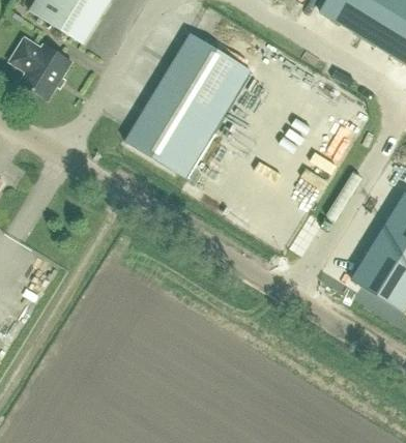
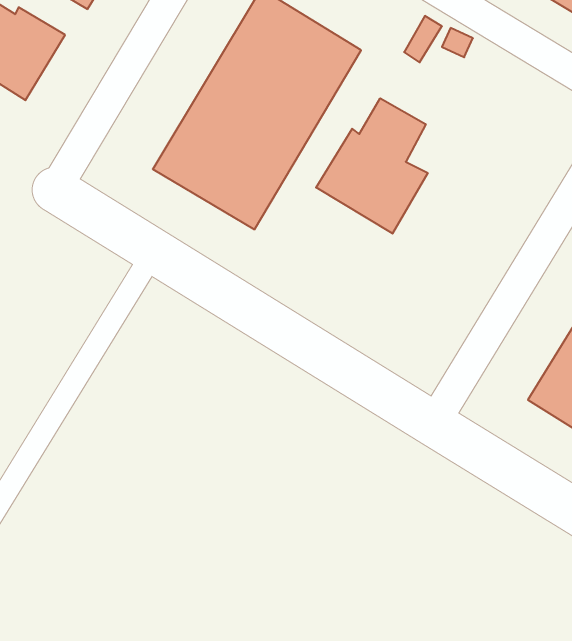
building: none -> [316,98,428,234]

